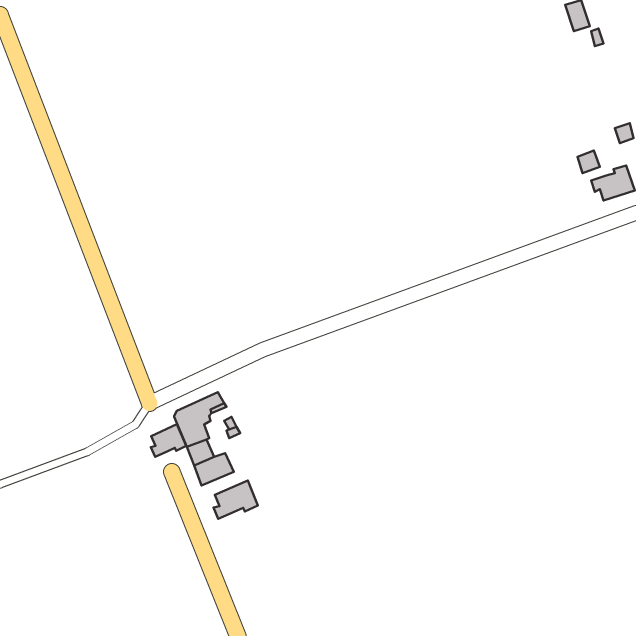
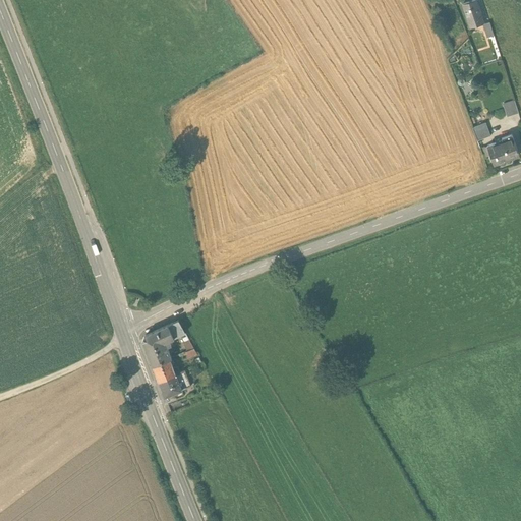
building: [151,424,186,457] -> none
building: [214,480,258,519] -> none

